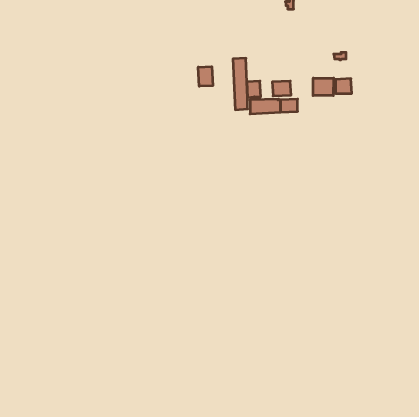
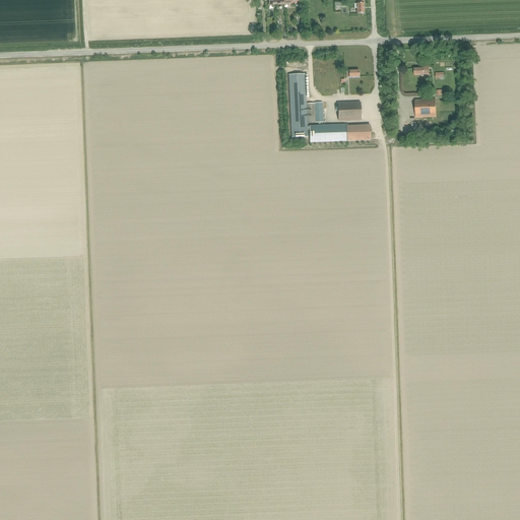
building: [198,67,213,86] -> none
building: [313,78,334,96] -> none

